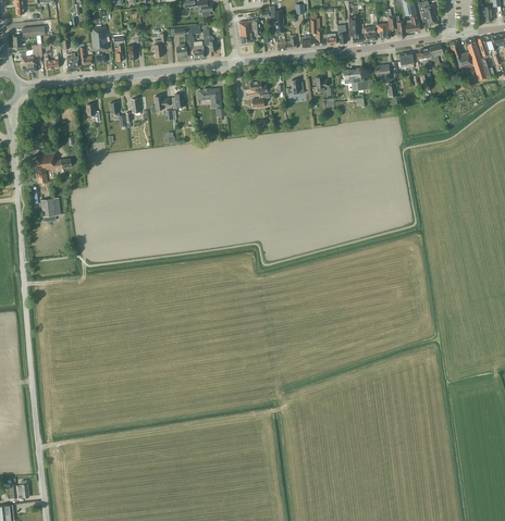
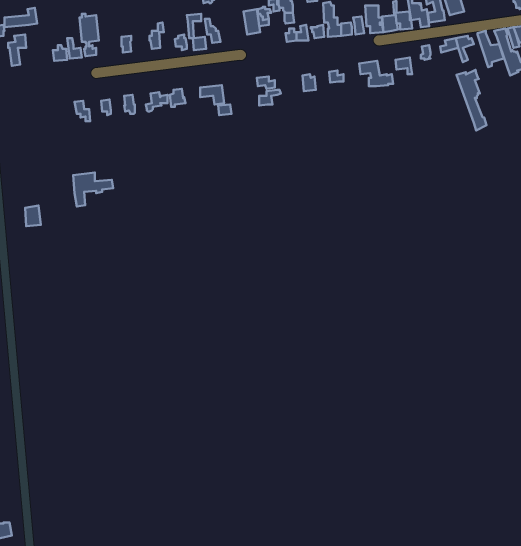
building: none -> [457,70,487,131]
building: [36,152,72,183] -> [73,173,113,206]

